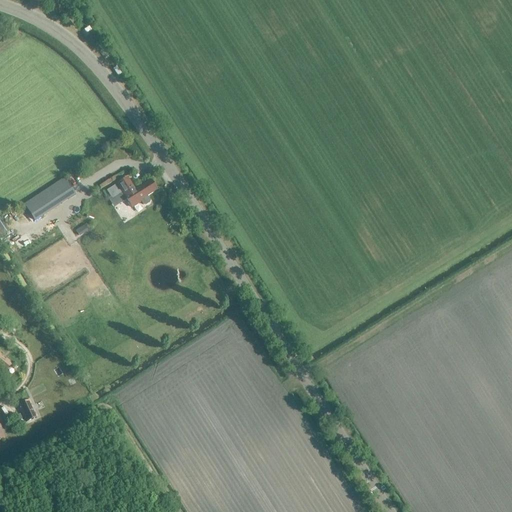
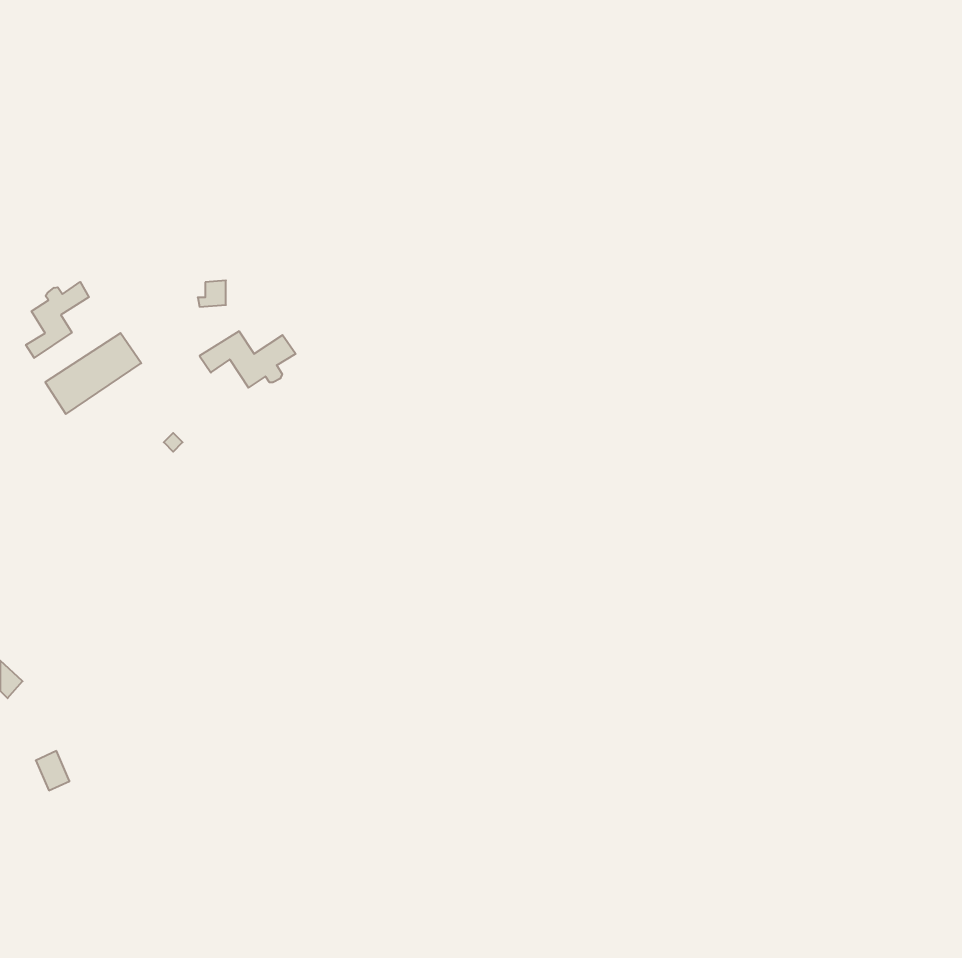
building: none -> [26,282,89,358]

